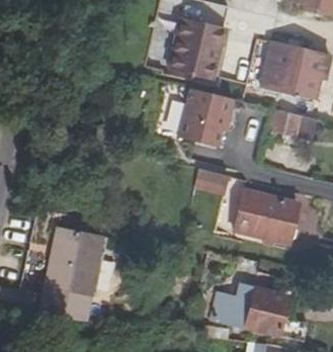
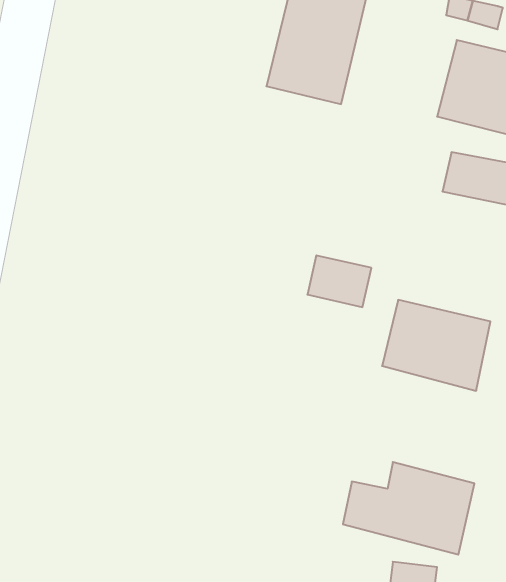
building: [175,90,231,149] -> none
building: [39,227,100,324] -> none

